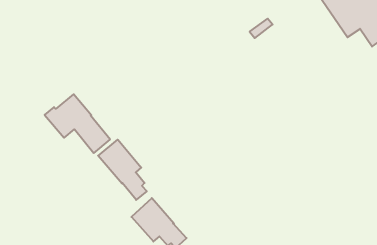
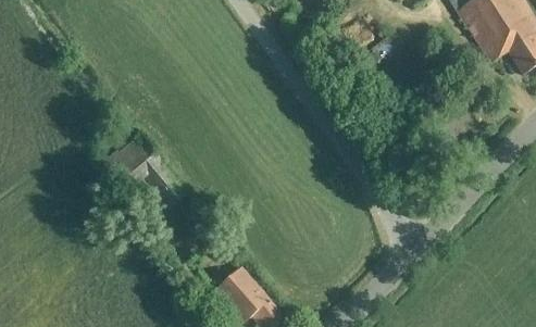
building: [98,140,147,200] -> none

